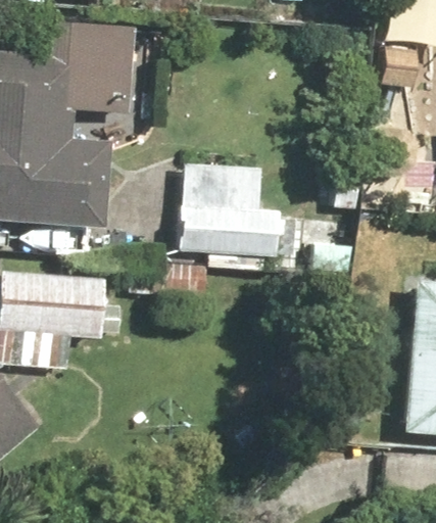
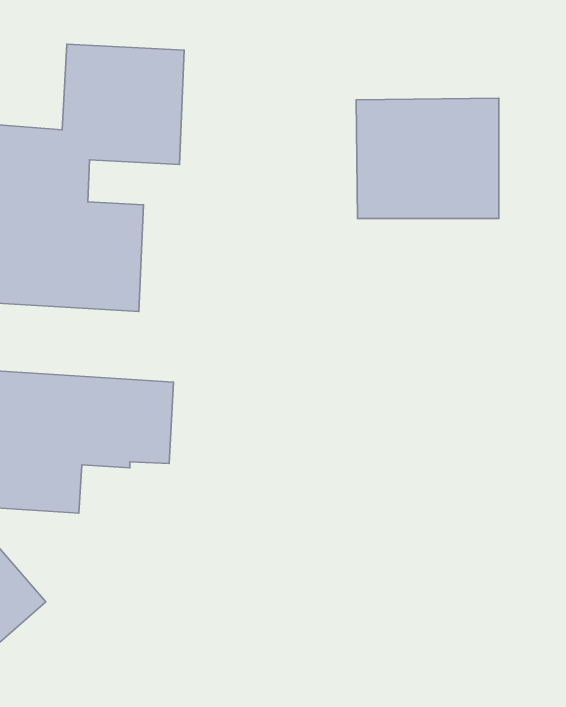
building: [172,170,269,251] -> [356,98,499,218]

